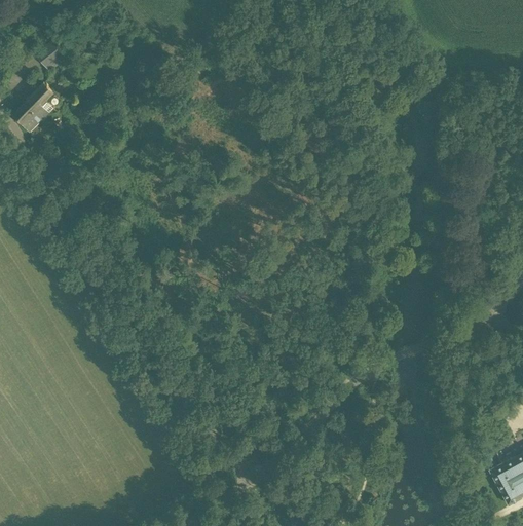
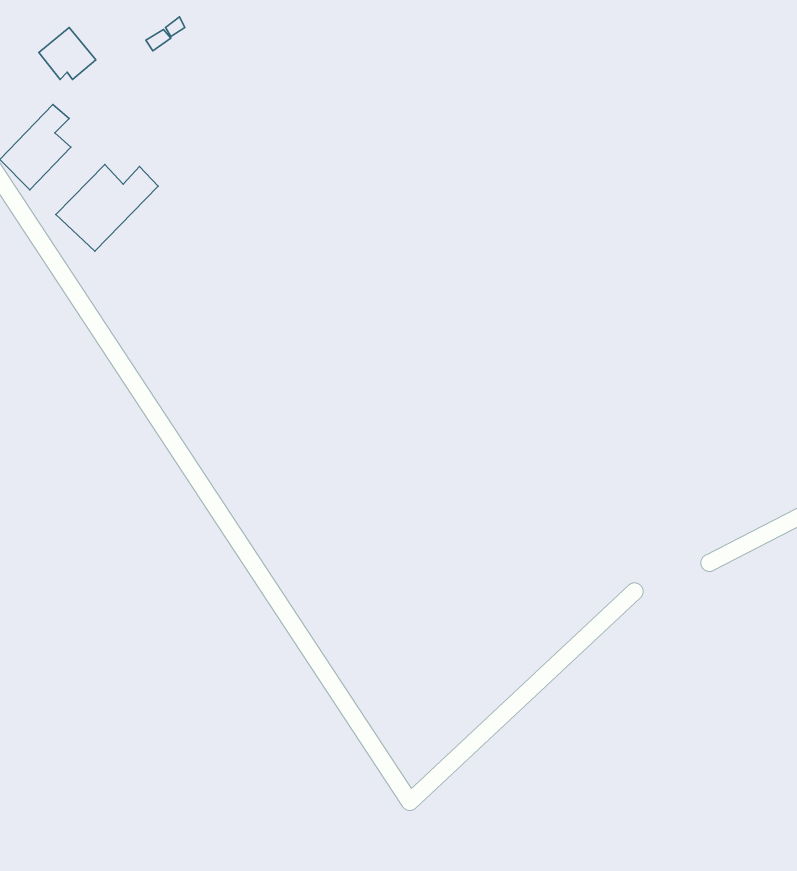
building: none -> [56,165,158,251]

